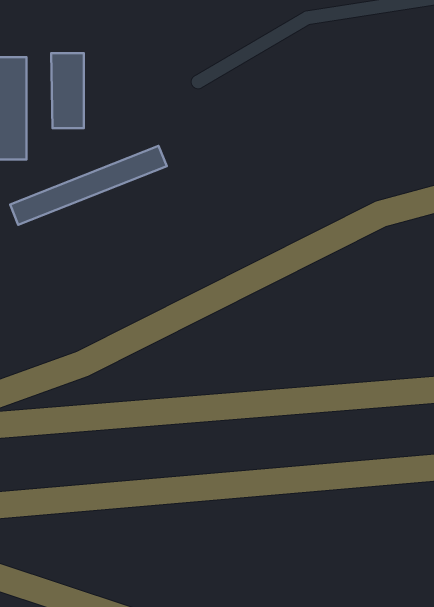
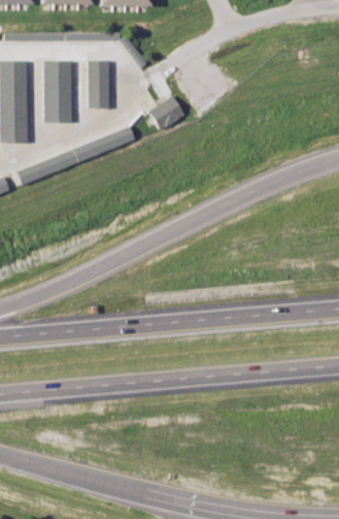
building: none -> [88,59,106,105]
building: none -> [146,96,183,131]

